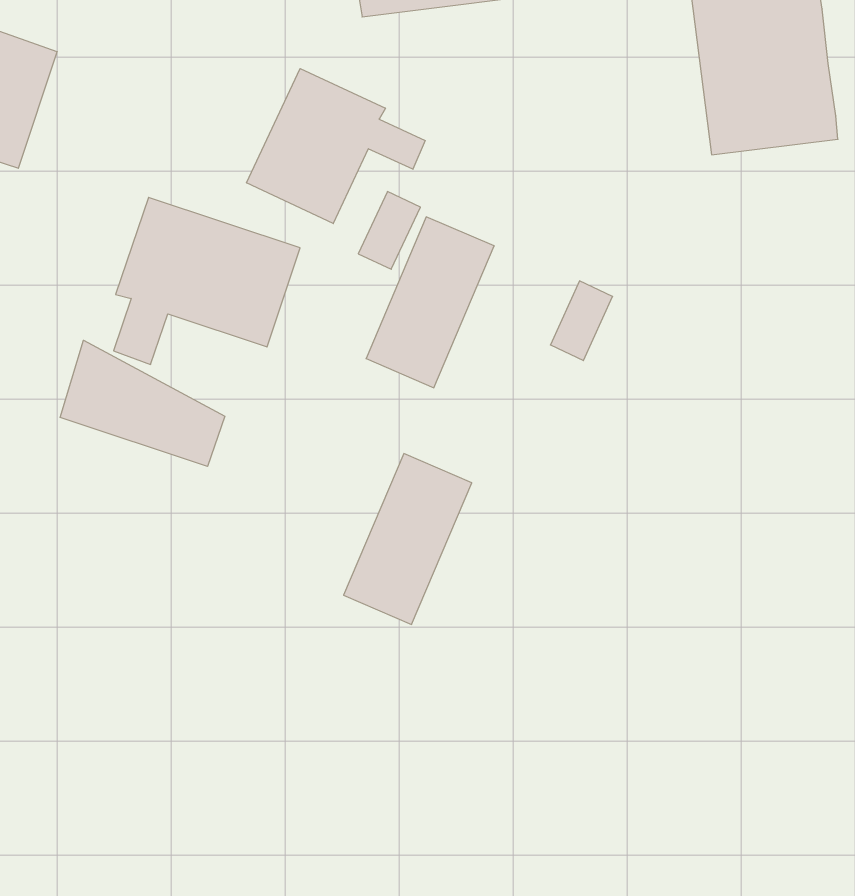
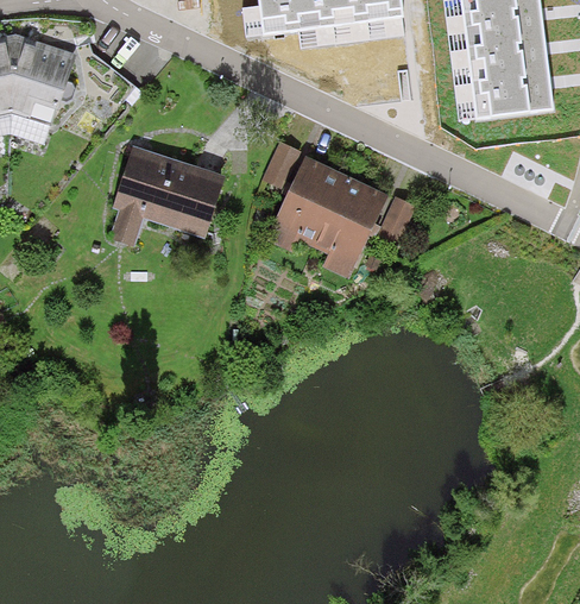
building: [247,69,425,224] -> none
building: [60,340,225,466] -> none
building: [344,454,472,624] -> [307,175,385,279]

